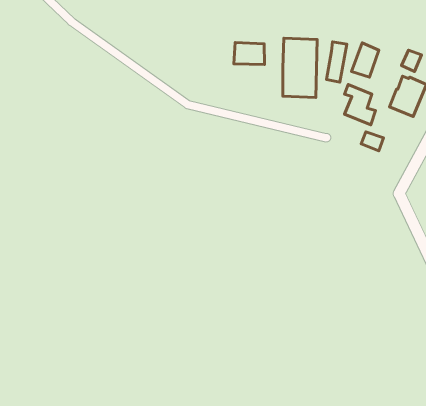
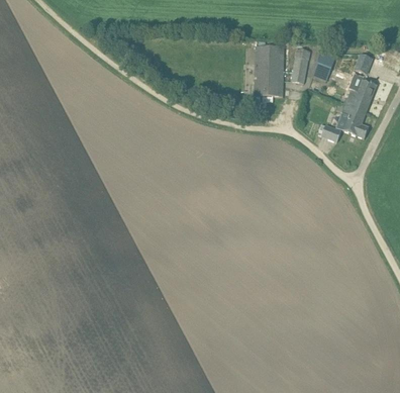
building: [234,43,265,64] -> none
building: [345,85,375,125] -> [341,104,368,138]

